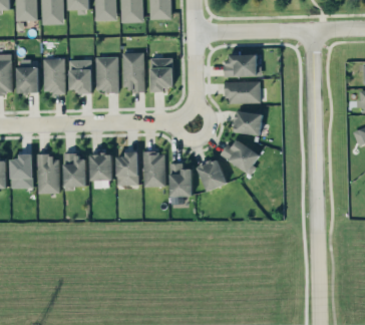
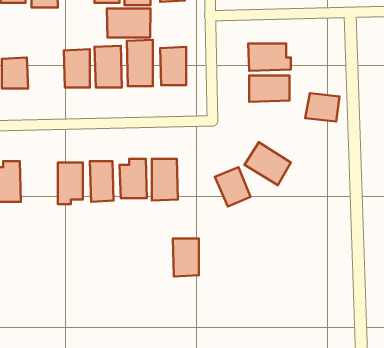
building: none -> [107,8,151,38]
building: [43,58,65,93] -> none
building: [234,110,263,134] -> [305,93,340,122]
building: [37,154,59,193] -> none
building: [169,165,192,197] -> [173,238,199,277]

